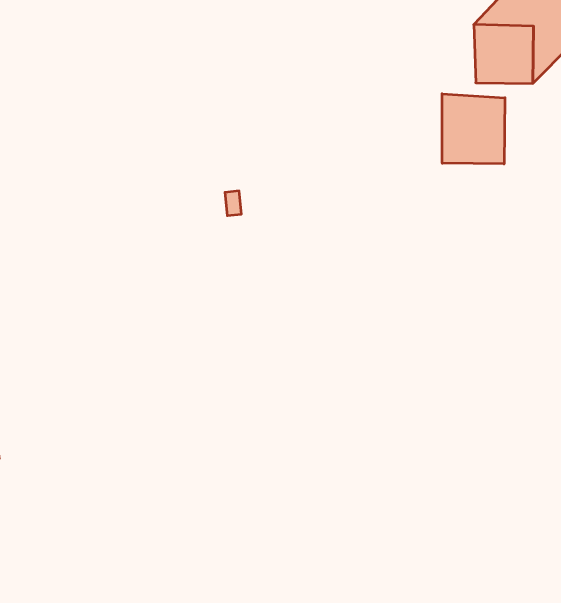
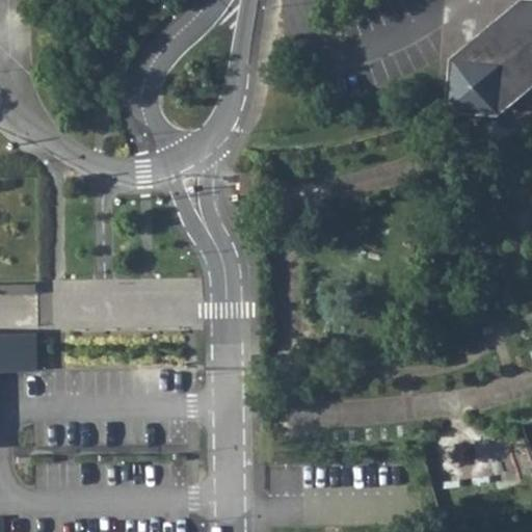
building: [442,94,505,164] -> none

